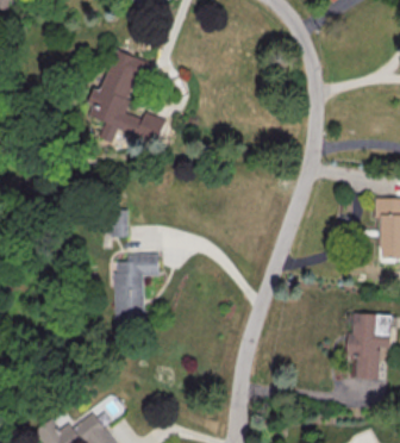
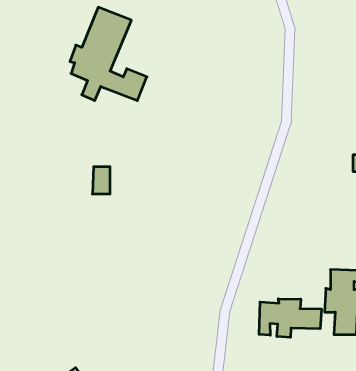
building: [115,254,161,330] -> none
building: none -> [259,299,321,337]

